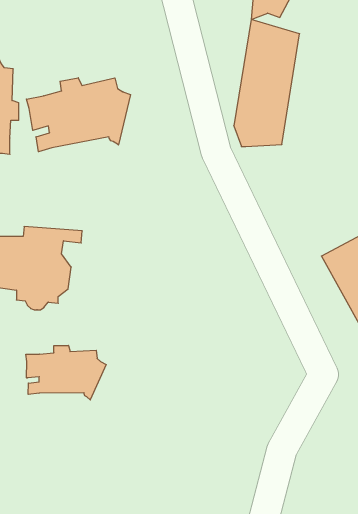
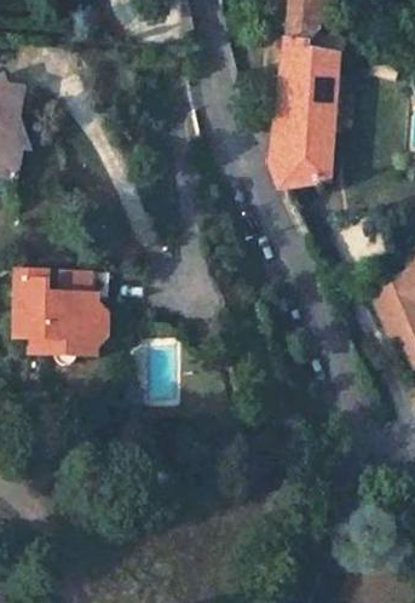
building: [26,78,130,152] -> none
building: [26,345,106,400] -> none

